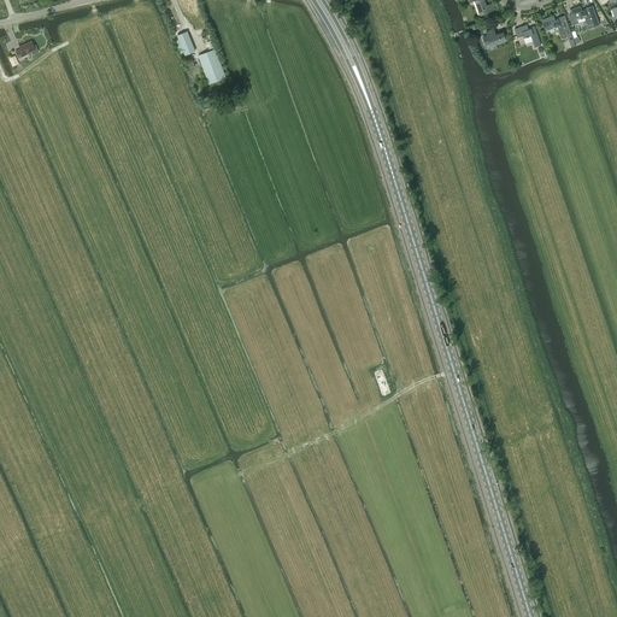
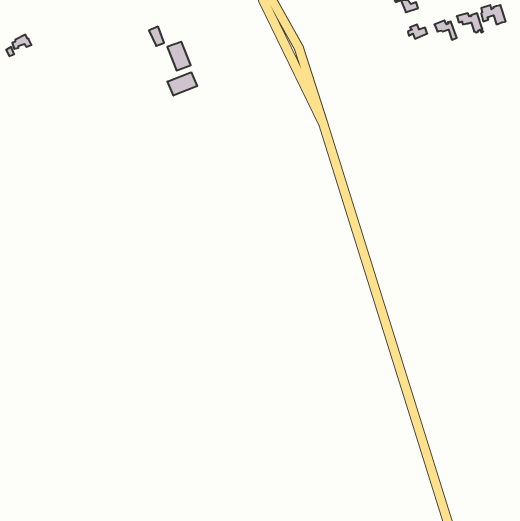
building: none -> [167,72,197,96]

